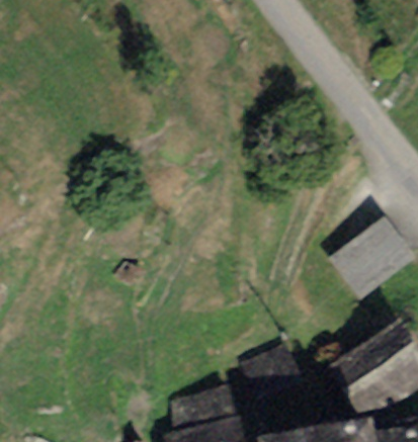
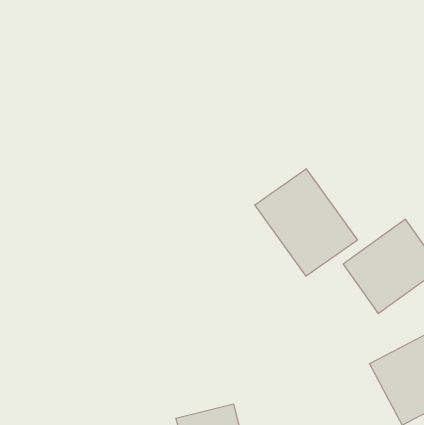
building: none -> [255,169,357,276]

